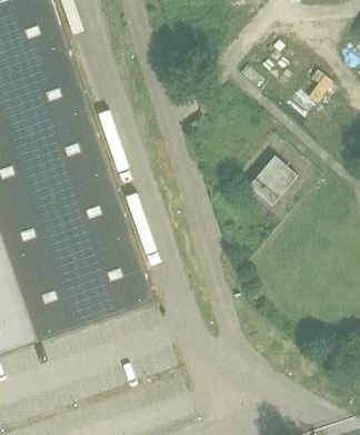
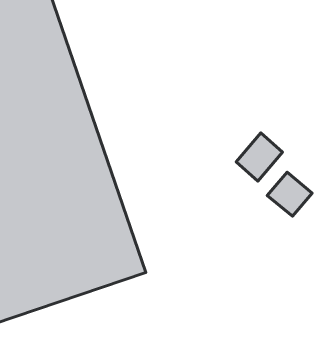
building: none -> [267,172,312,216]

